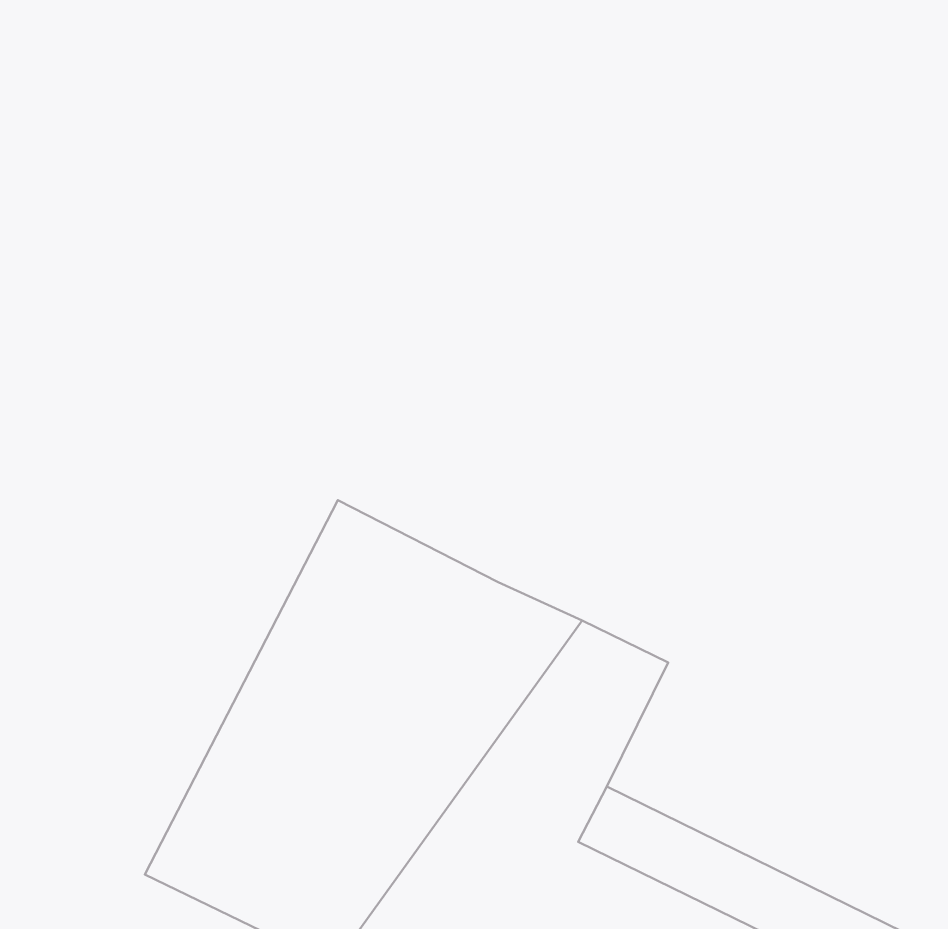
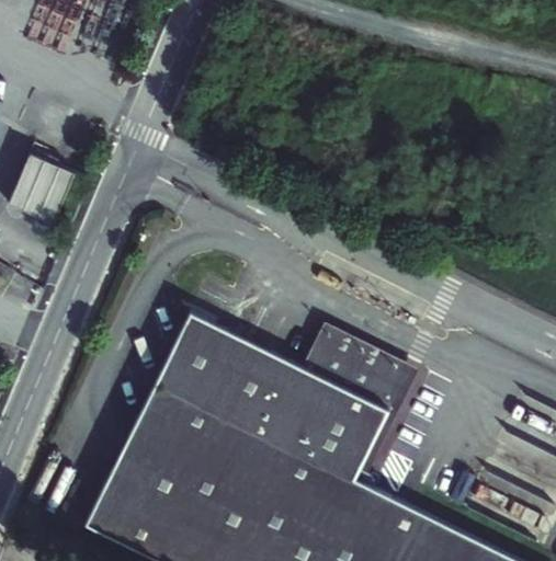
building: none -> [11,159,73,227]
building: none -> [287,328,399,405]

